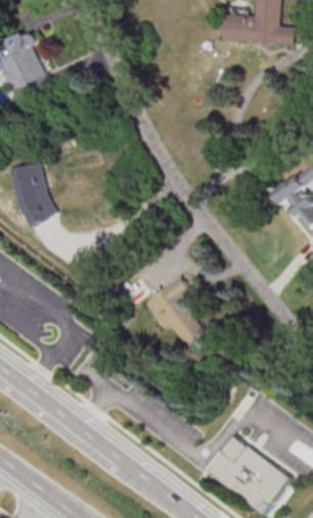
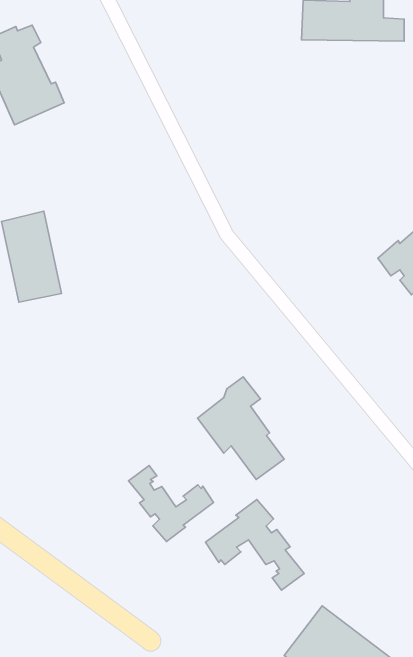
building: none -> [128,465,214,542]
building: none -> [206,499,304,590]

